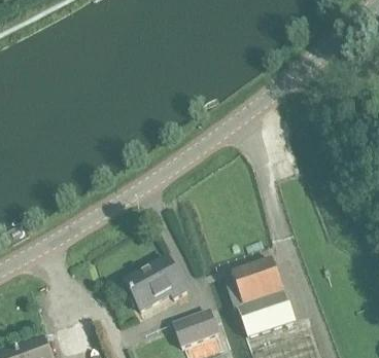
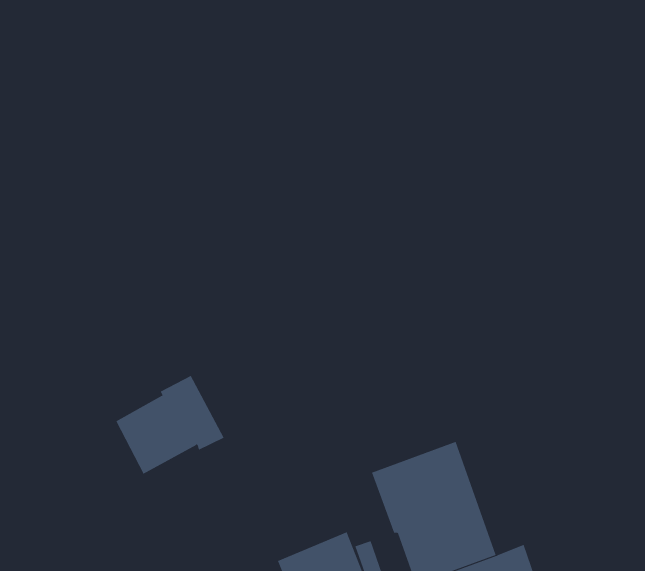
building: [126,257,186,313] -> [116,375,224,475]

